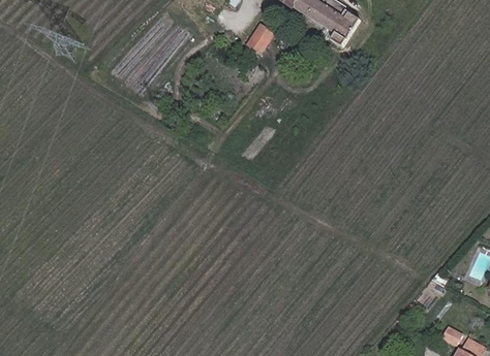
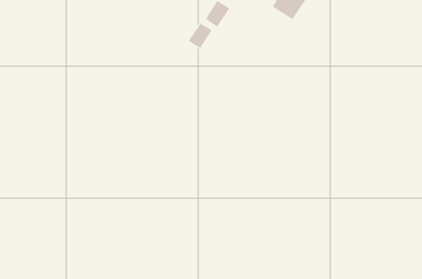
building: none -> [188,23,212,49]

